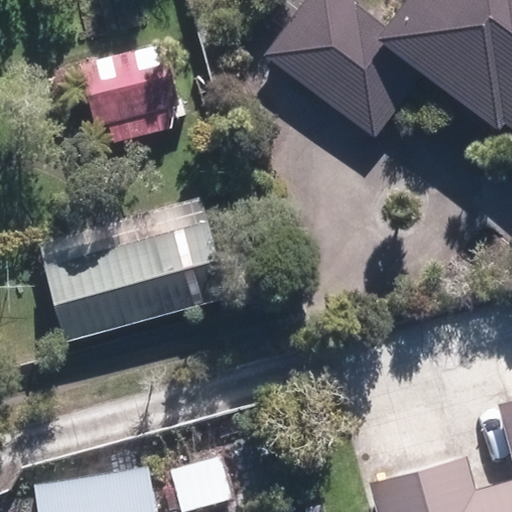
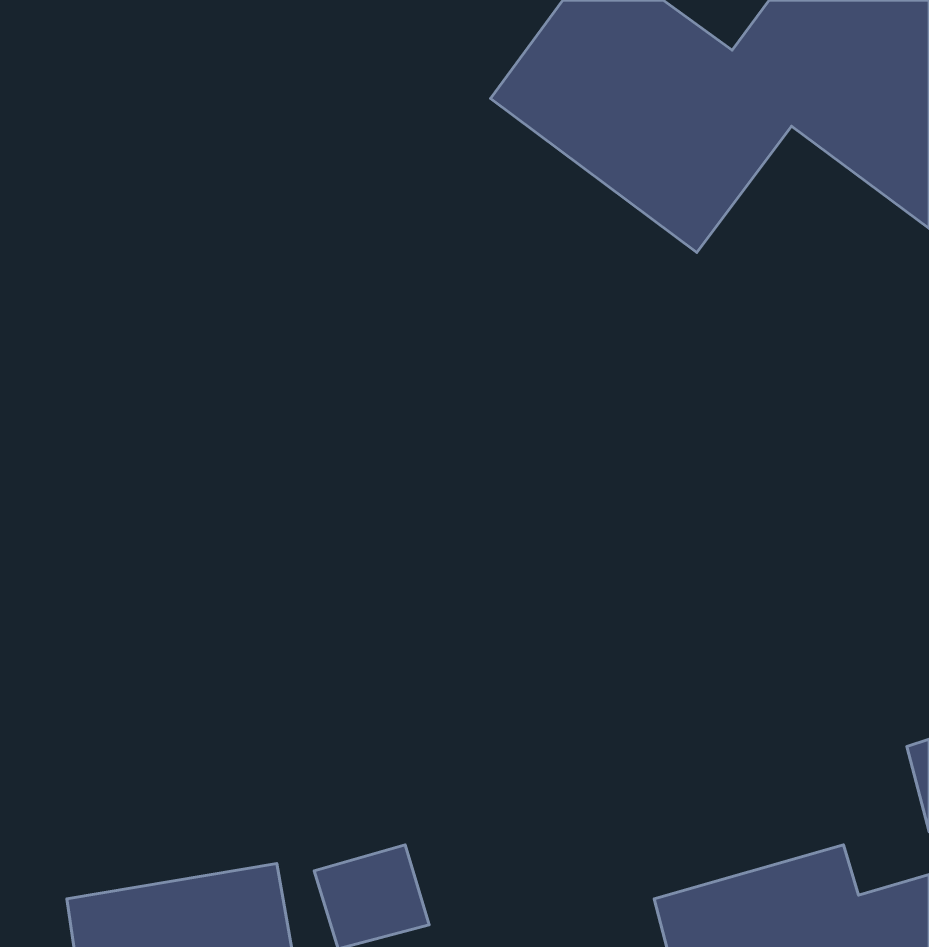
building: [81,42,181,124] -> none
building: [44,220,231,344] -> none

